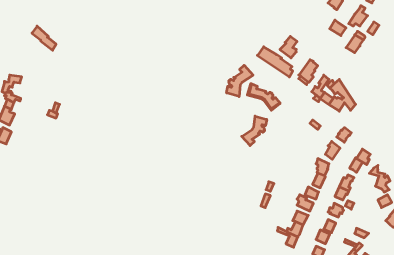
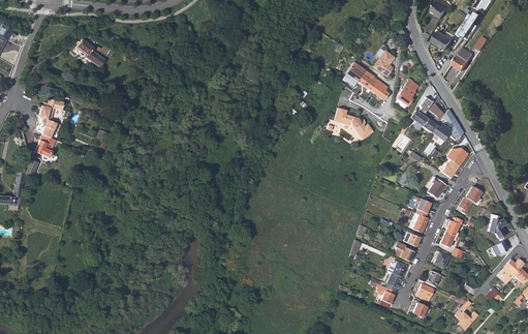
building: [227,65,253,97] -> none
building: [242,116,267,146] -> none

